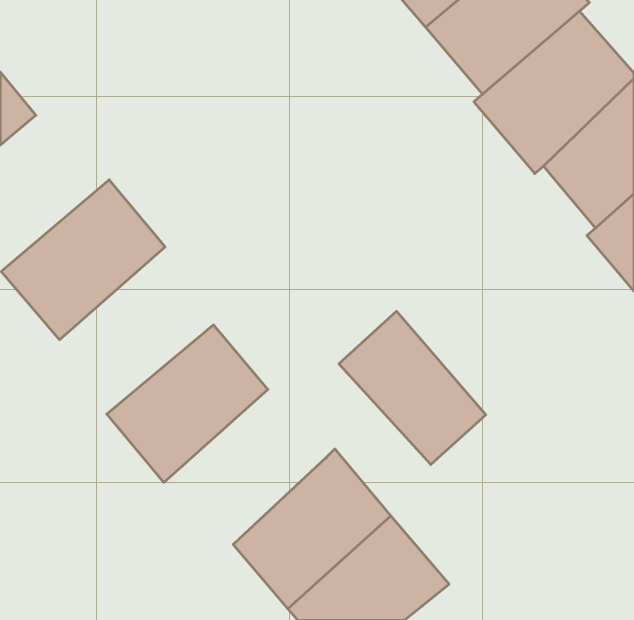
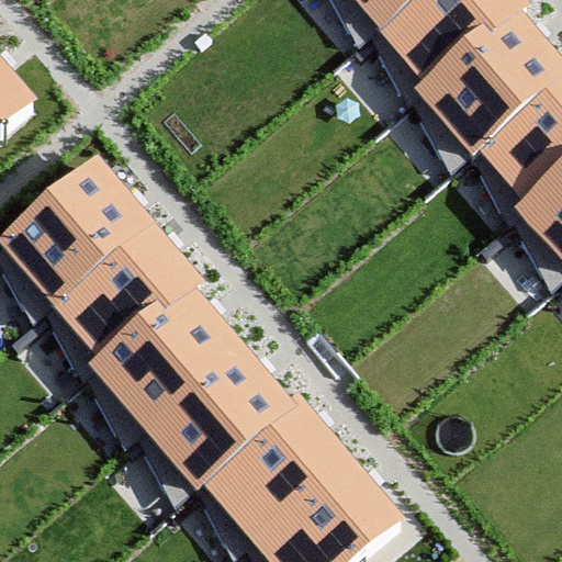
building: none -> [53,218,198,360]
building: [339,311,486,465] -> none
building: none -> [145,345,289,488]

